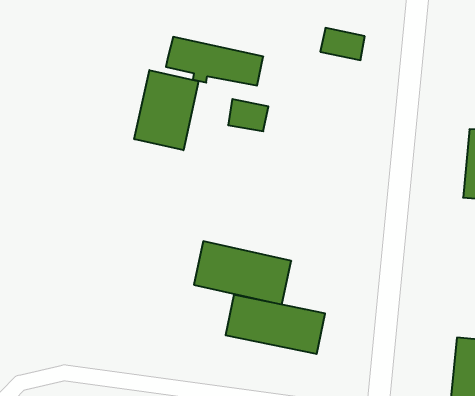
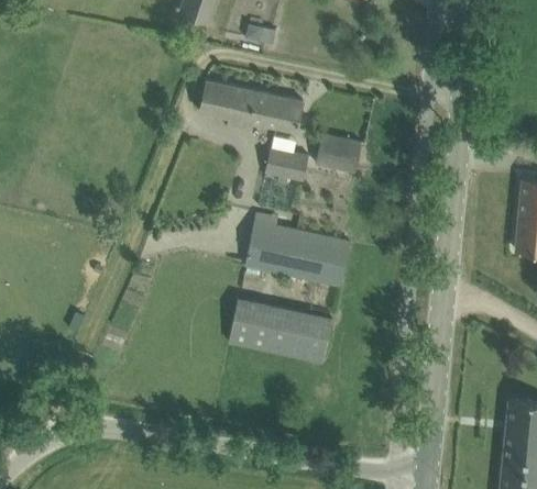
building: [320,28,365,60] -> [317,134,364,168]
building: [134,70,199,150] -> none
building: [226,295,325,354] -> [244,223,350,286]

